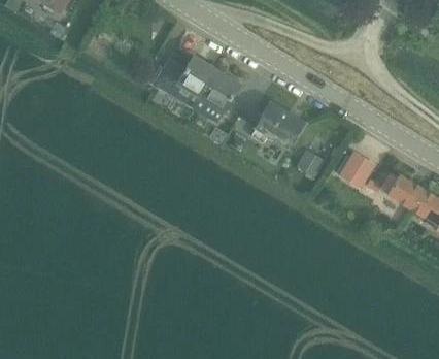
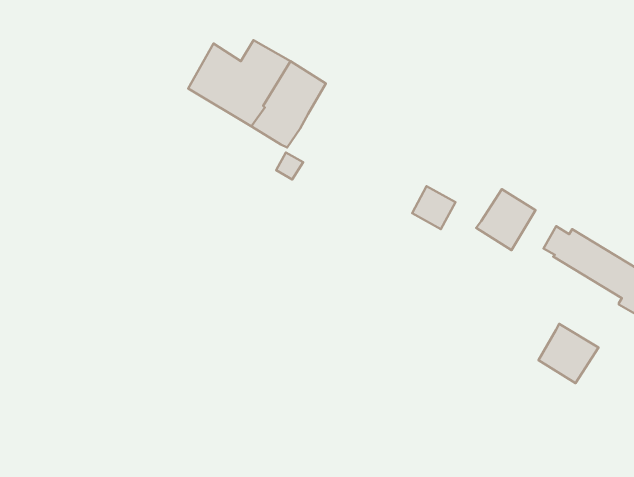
building: [251,101,304,152] -> none
building: none -> [538,324,599,383]

